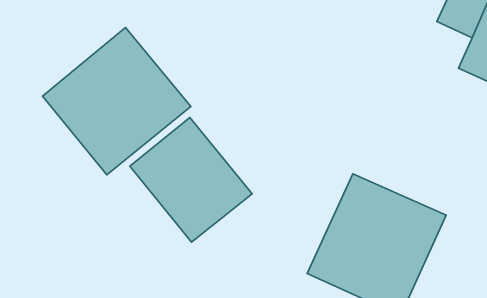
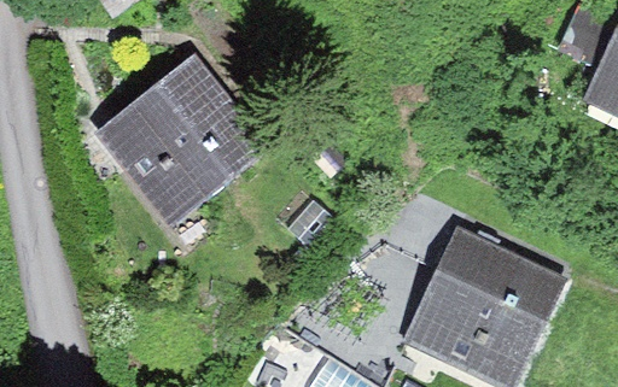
building: [130,117,252,242] -> none

